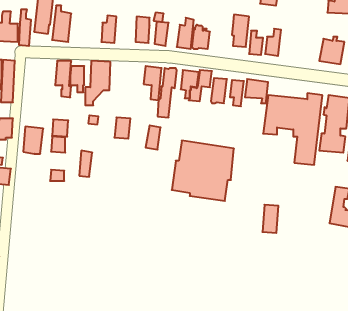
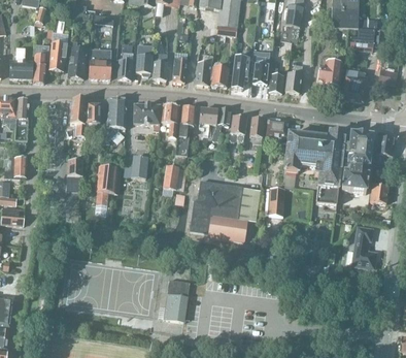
building: none -> [136,46,153,75]
building: none -> [89,48,111,78]
building: none -> [231,60,249,88]
building: none -> [316,61,342,87]
building: none -> [133,103,160,130]
building: [23,127,43,154] -> [97,164,117,192]
building: [262,205,278,233] -> [268,187,284,216]
building: none -> [163,279,190,321]

